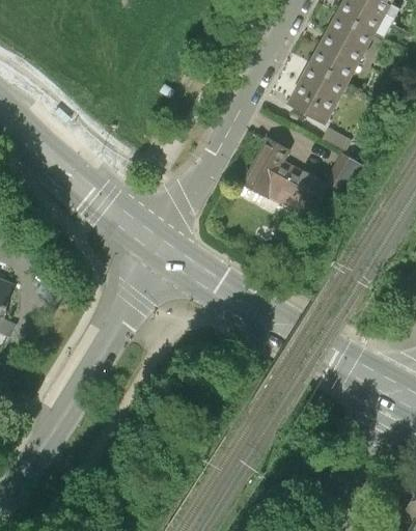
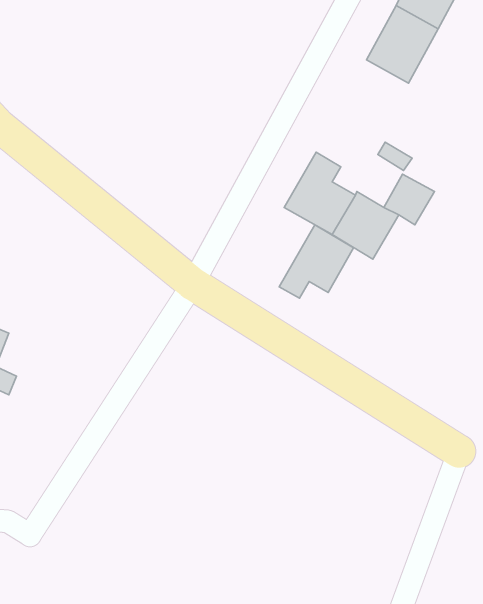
building: [286,59,346,123] -> none
building: none -> [279,225,353,298]

